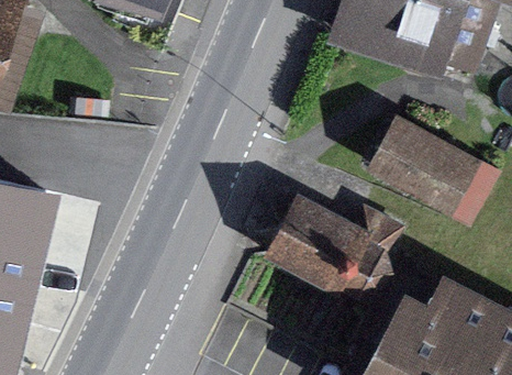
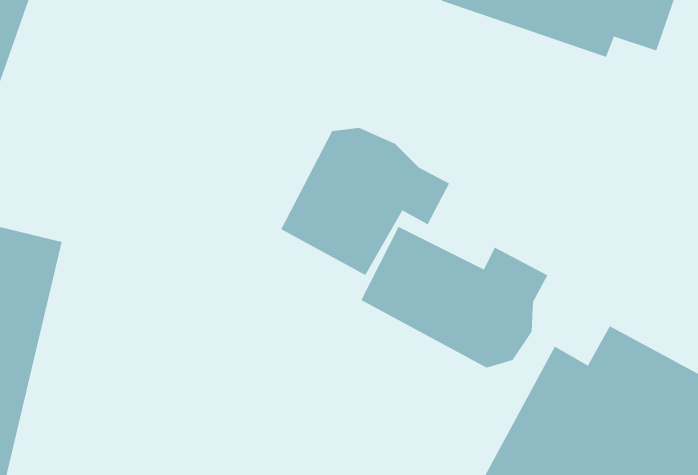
building: [369,114,494,219] -> none
building: none -> [280,127,450,276]

